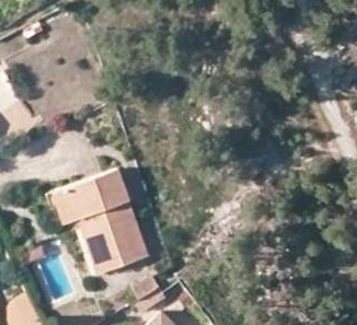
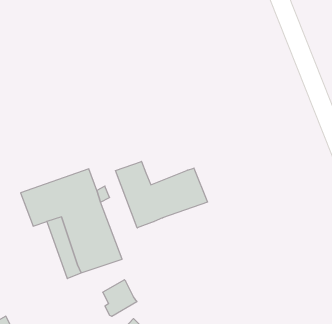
building: none -> [115,161,207,228]

